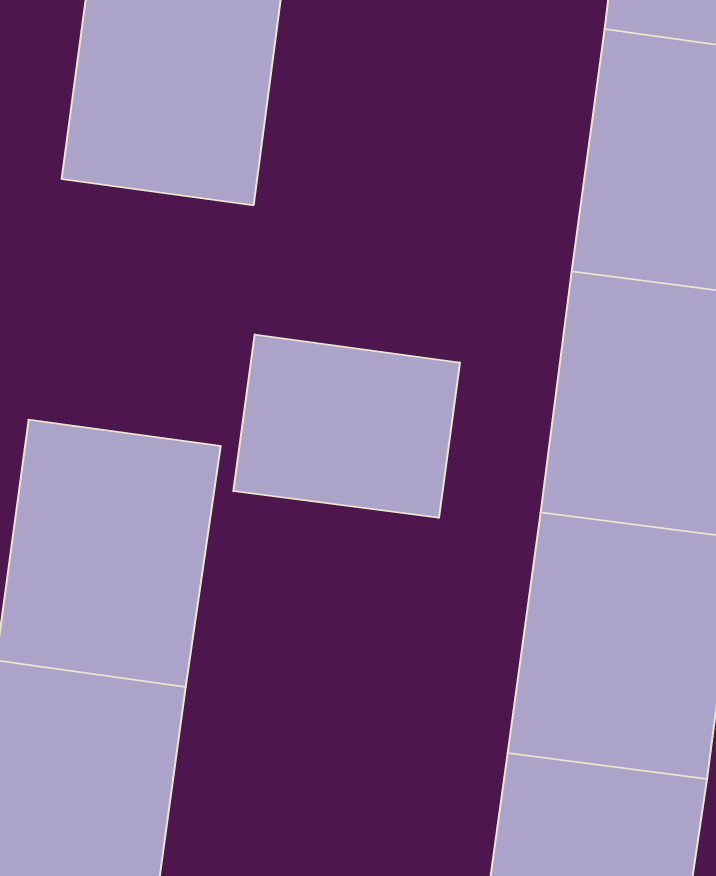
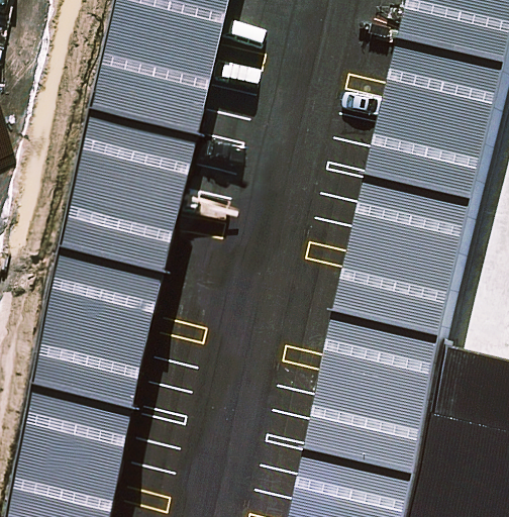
building: none -> [63,101,197,255]
building: [233,334,460,518] -> none

